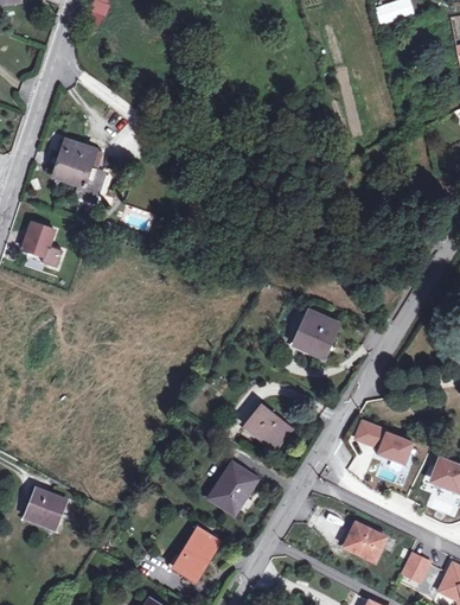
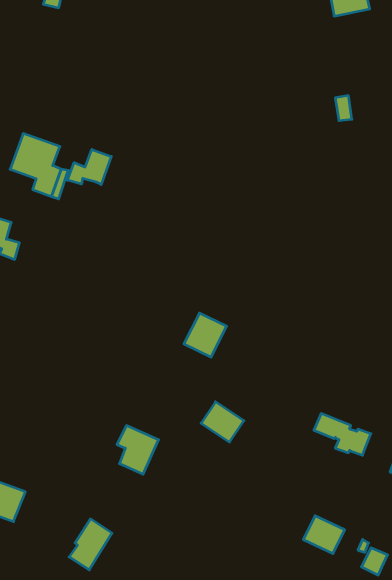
building: none -> [67,149,111,185]
building: [290,311,333,355] -> [184,313,227,357]
building: [213,465,255,514] -> [117,426,159,474]
building: [178,528,221,579] -> [69,519,112,570]

